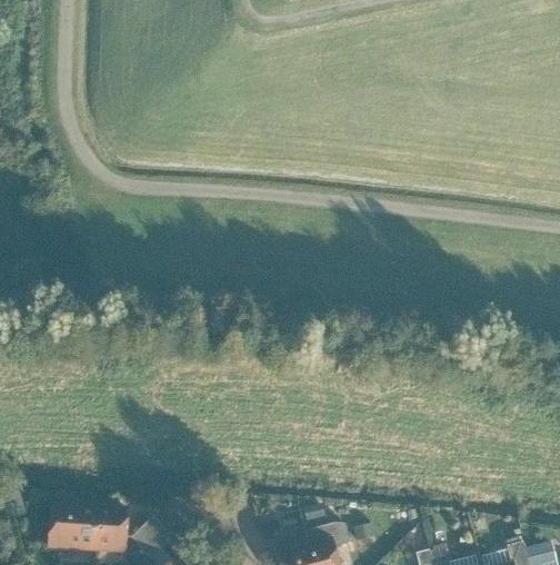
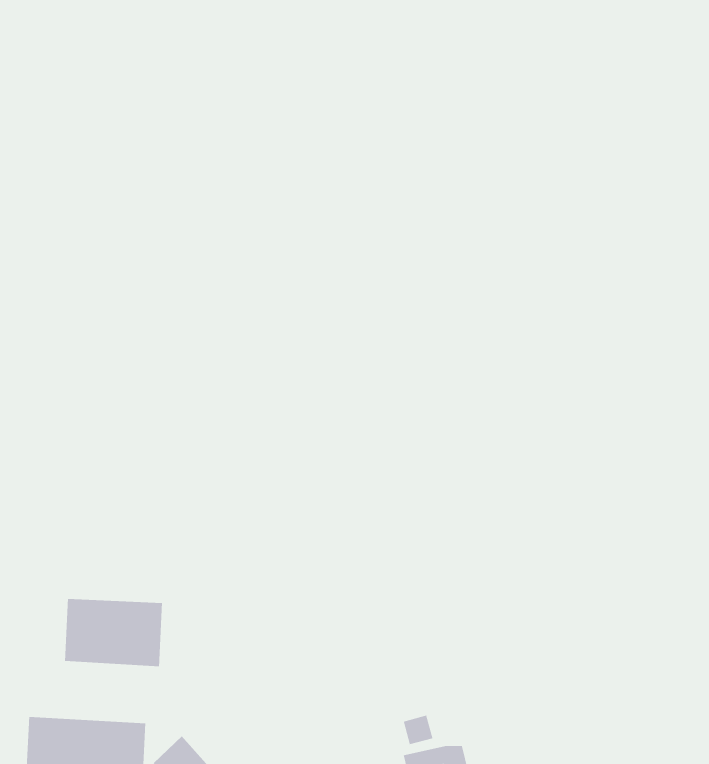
building: none -> [64,598,163,667]

